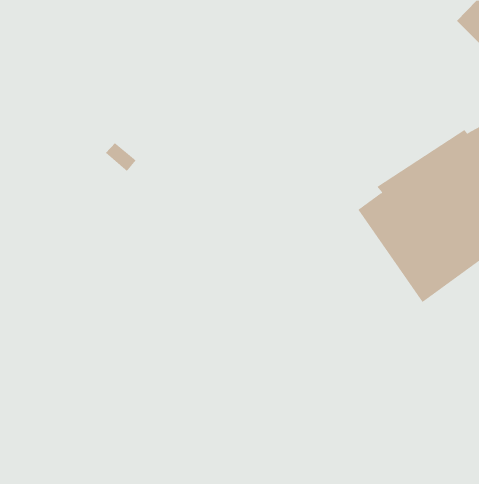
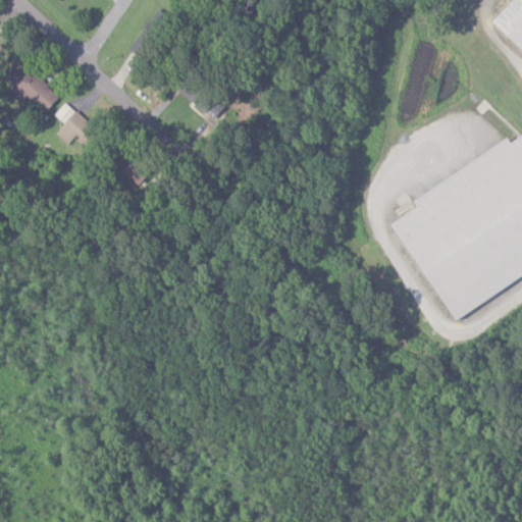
building: none -> [12,67,63,112]
building: none -> [60,103,93,145]

